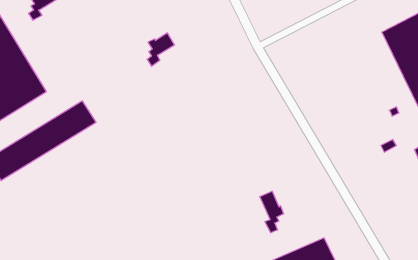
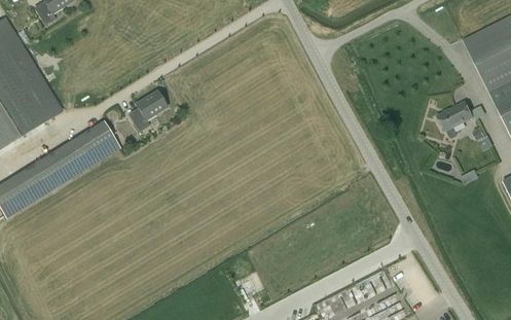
building: [147,33,175,66] -> [134,92,167,132]
building: none -> [437,101,472,138]
building: [260,191,284,233] -> none

